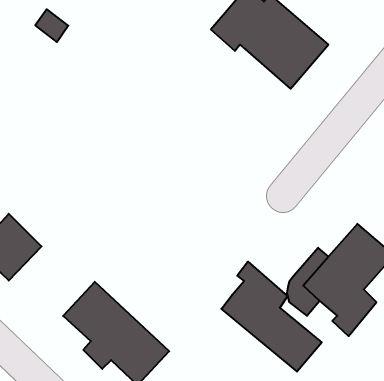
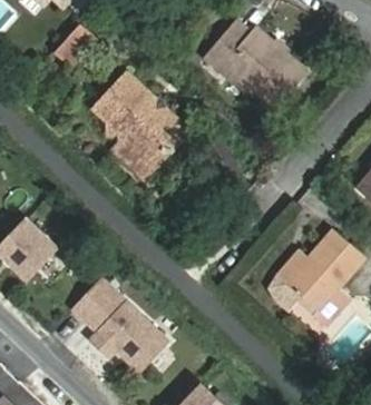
building: none -> [92,71,187,179]
building: [221,262,322,372] -> none

